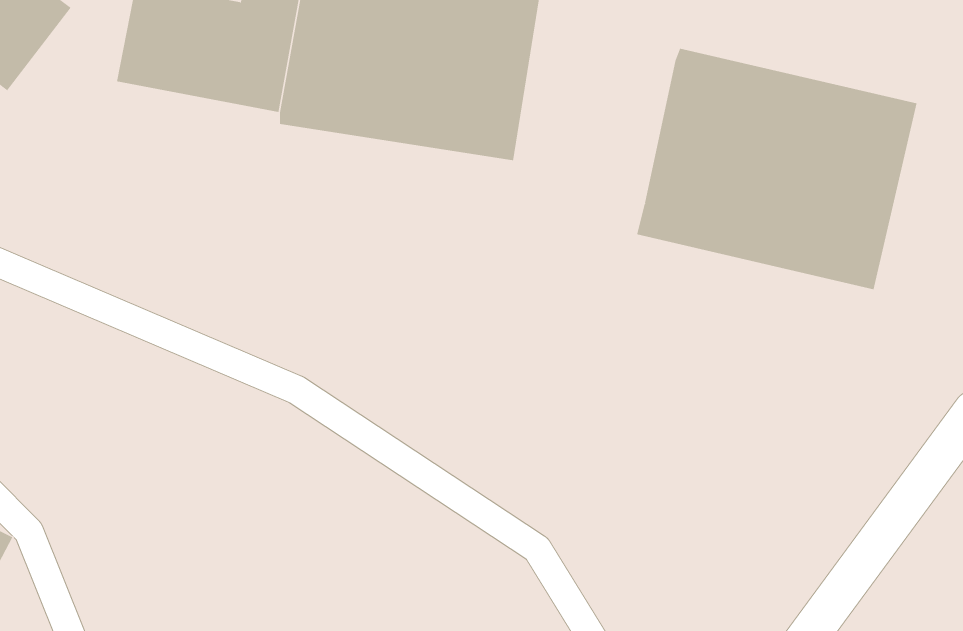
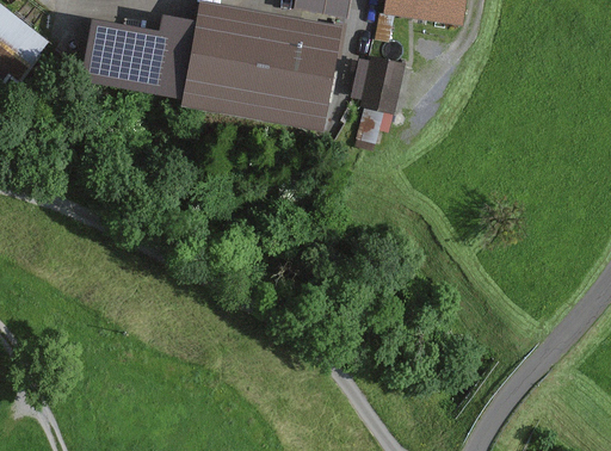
building: none -> [353,56,400,116]
building: [637,48,917,290] -> none

